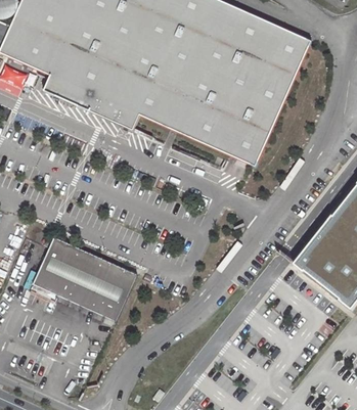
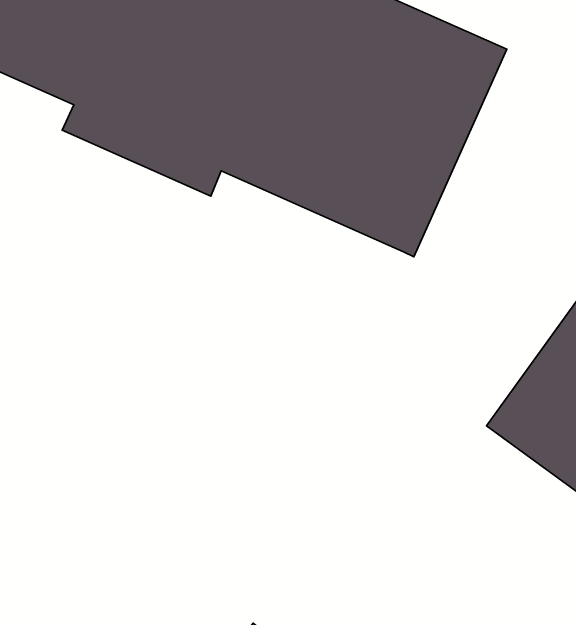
building: [32,235,136,319] -> none

